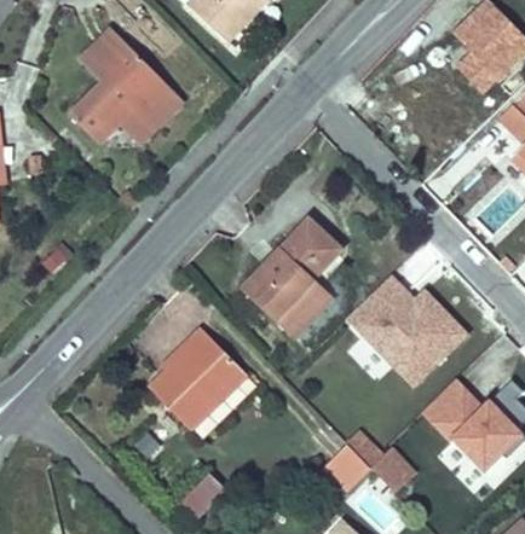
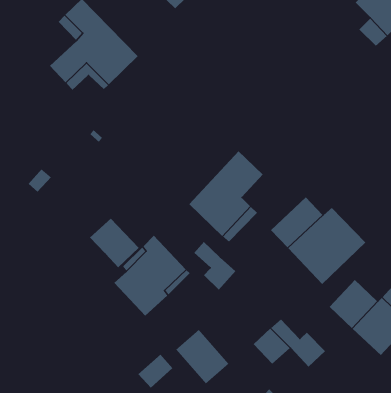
building: none -> [89,218,140,268]
building: none -> [193,241,236,290]
building: none -> [175,329,229,385]

